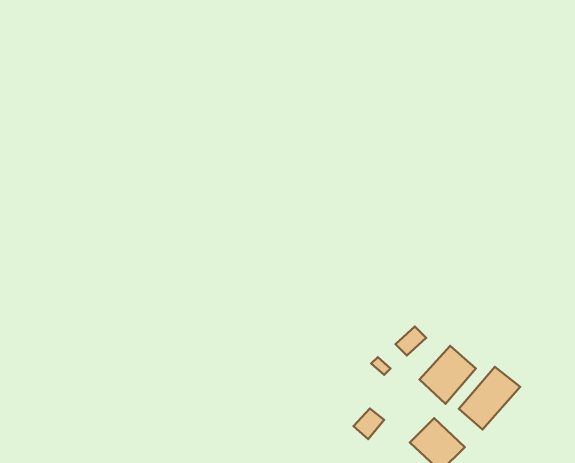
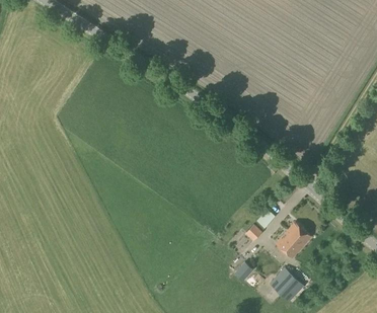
building: [459,367,520,429] -> none

